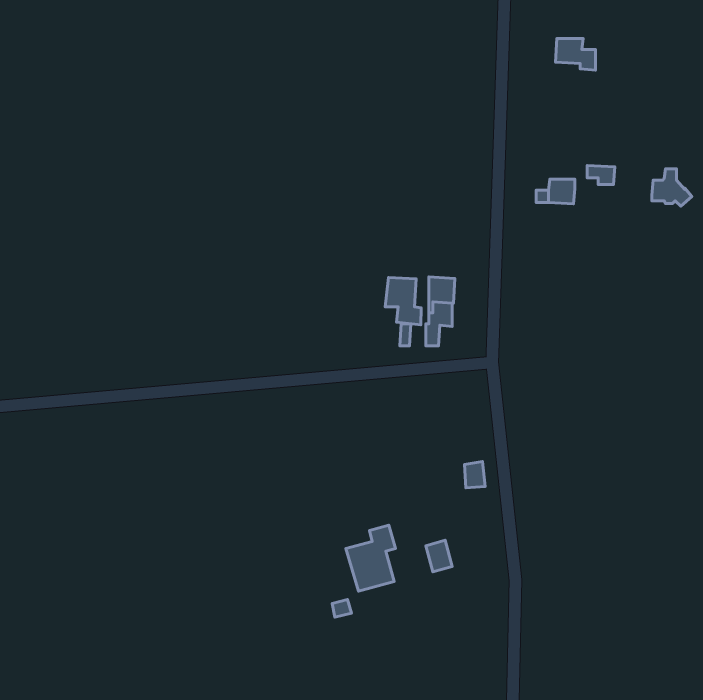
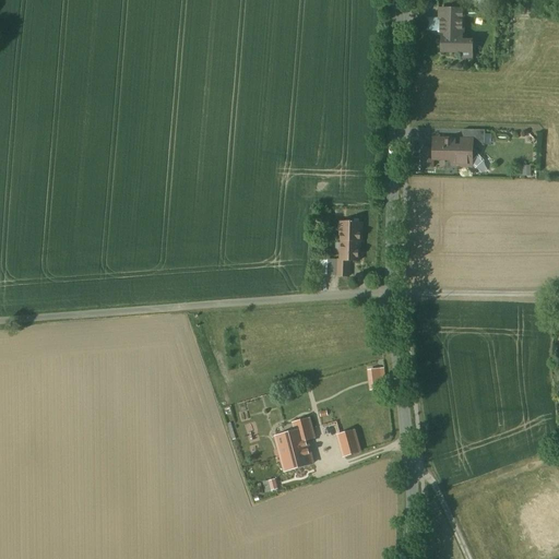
building: none -> [439,7,462,31]
building: [652,169,692,206] -> [454,141,486,170]
building: [385,277,421,325] -> none

